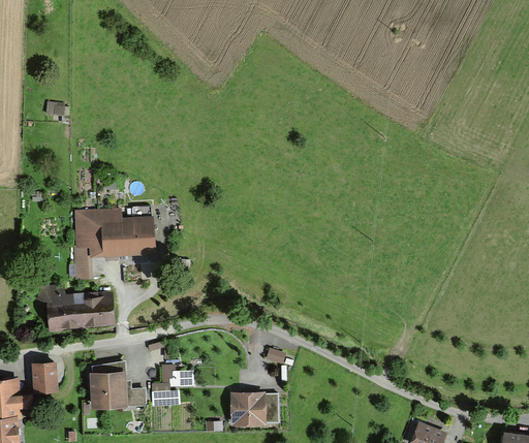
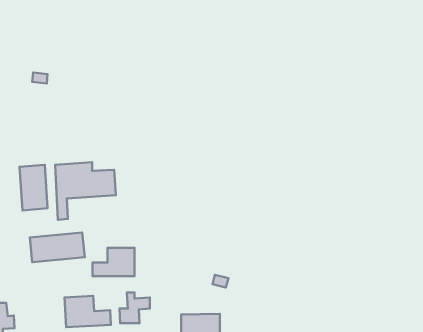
building: none -> [20,165,48,211]
building: none -> [93,248,134,276]
building: [30,361,55,397] -> none

